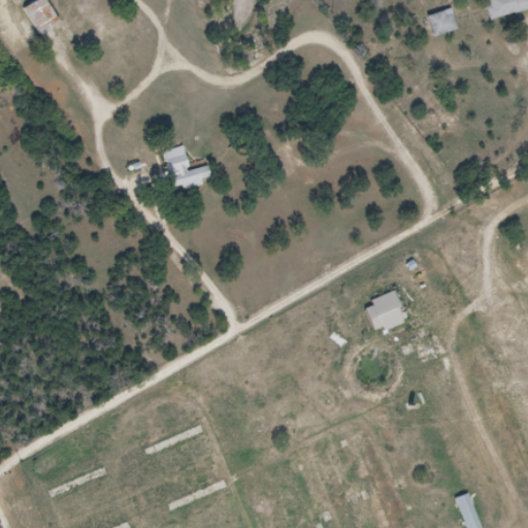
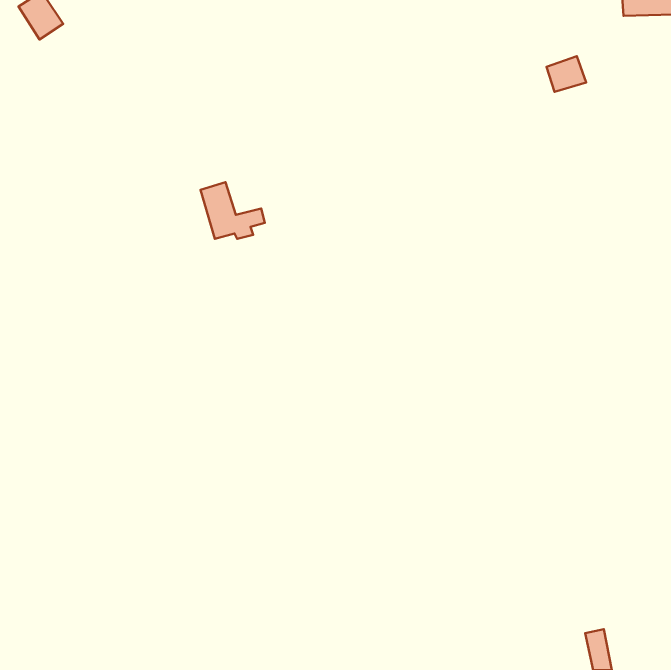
building: [430,7,461,35] -> [547,56,586,92]
building: [368,287,414,332] -> none

